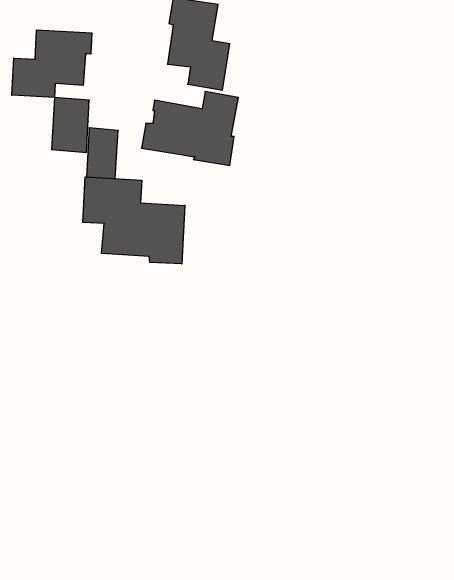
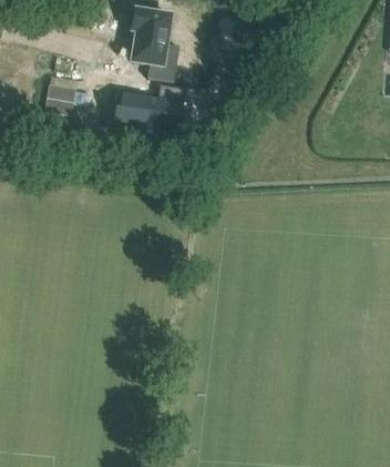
building: [12,30,92,97] -> none
building: [83,177,185,264] -> none

